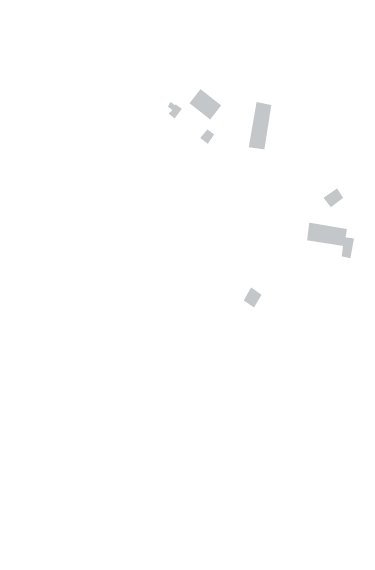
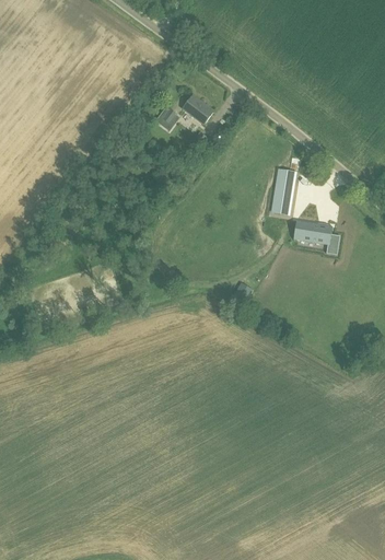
building: [248,102,272,150] -> [271,170,294,215]

